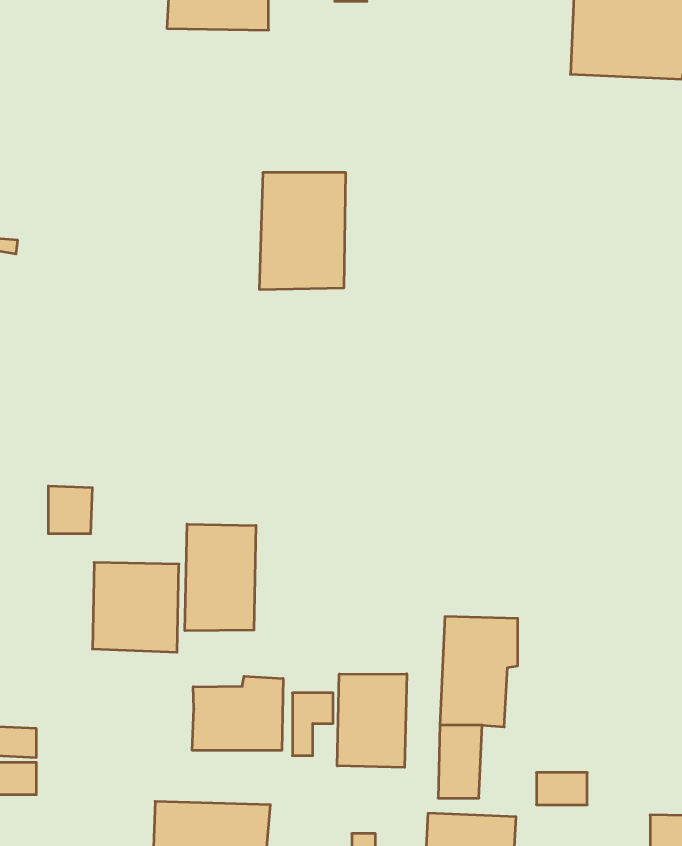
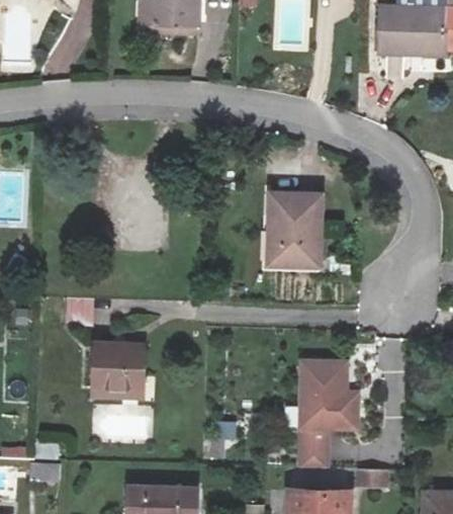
building: [259,173,346,289] -> [264,206,315,276]
building: [185,524,256,631] -> none
building: [337,674,407,767] -> none
building: [192,676,283,750] -> none

